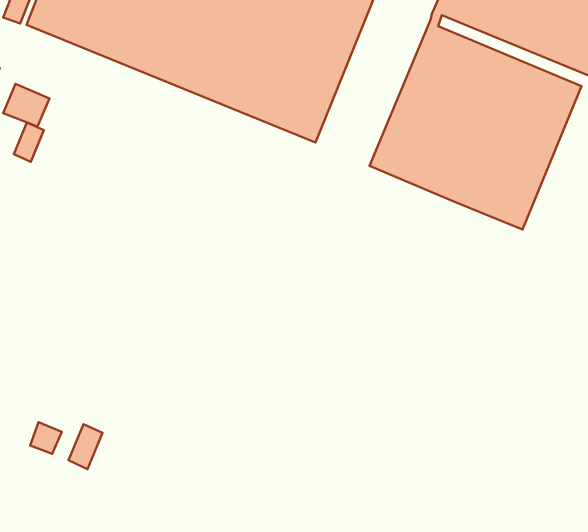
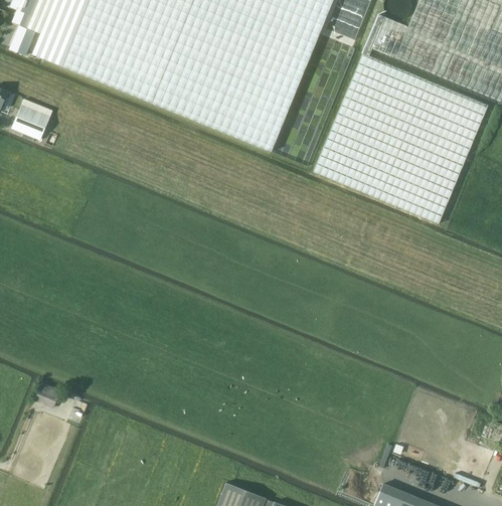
building: [14,122,44,162] -> none
building: [68,424,103,469] -> none

